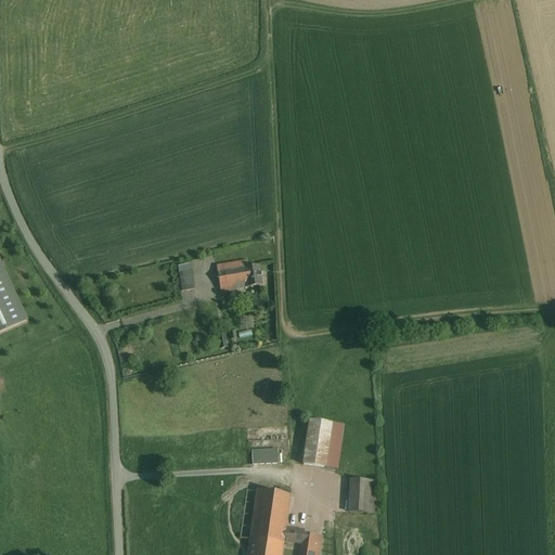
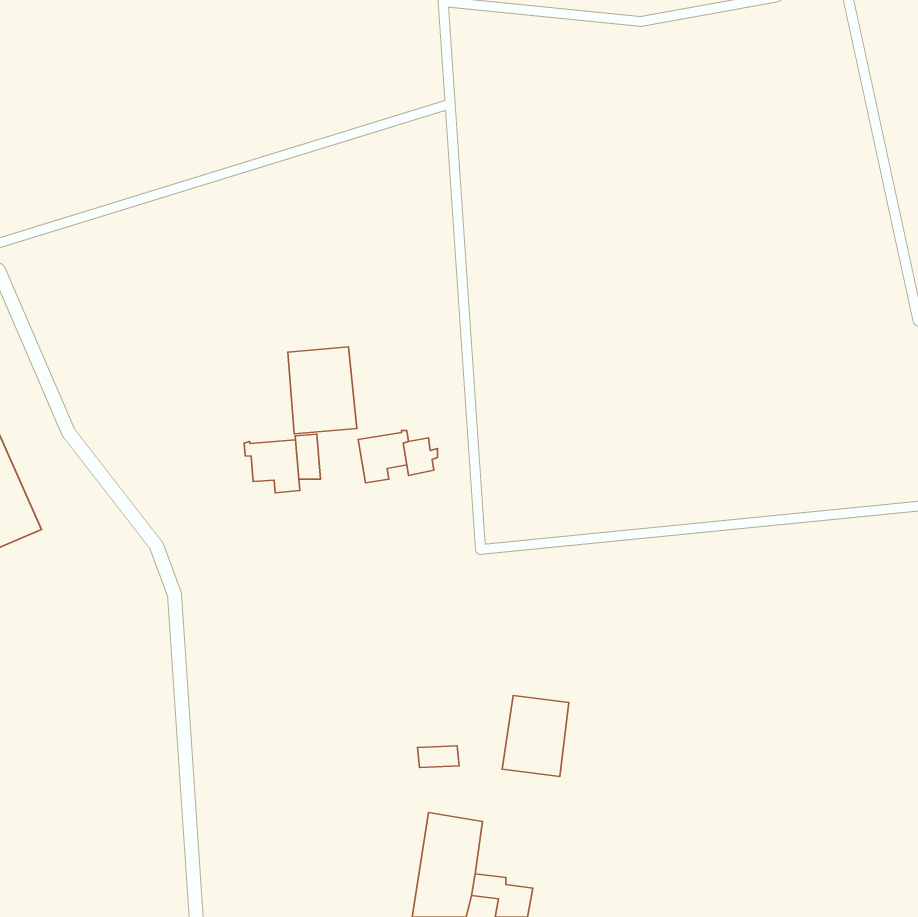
building: none -> [288,347,357,434]
building: none -> [244,440,300,493]
building: [348,477,379,513] -> none

